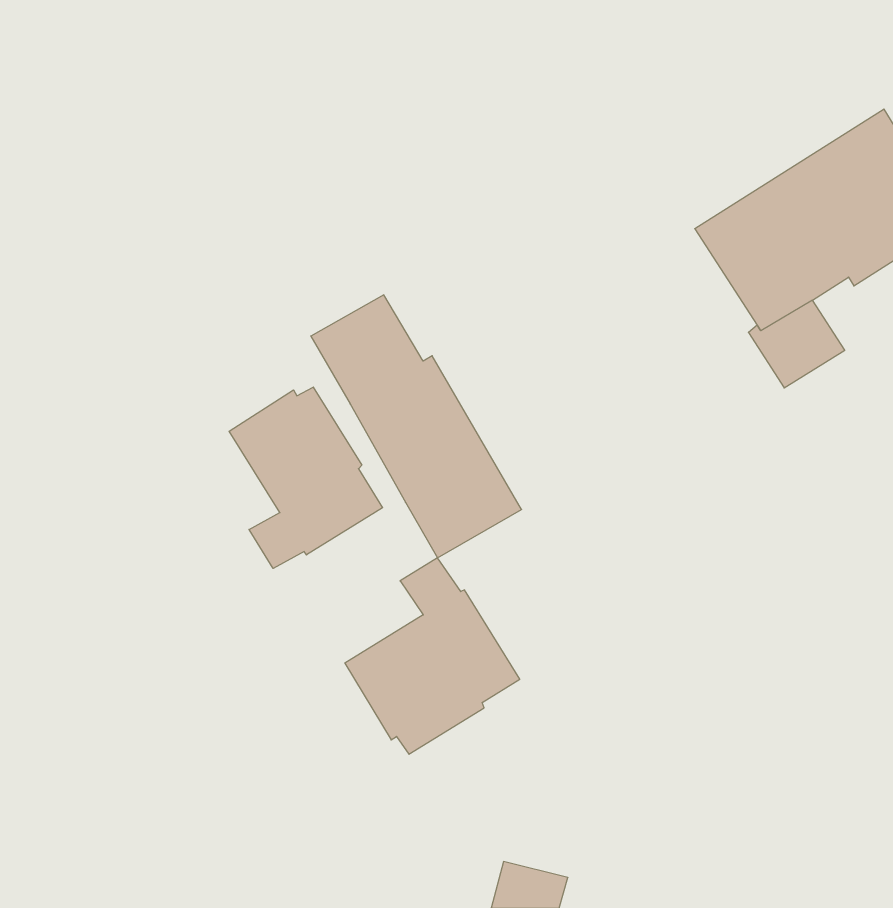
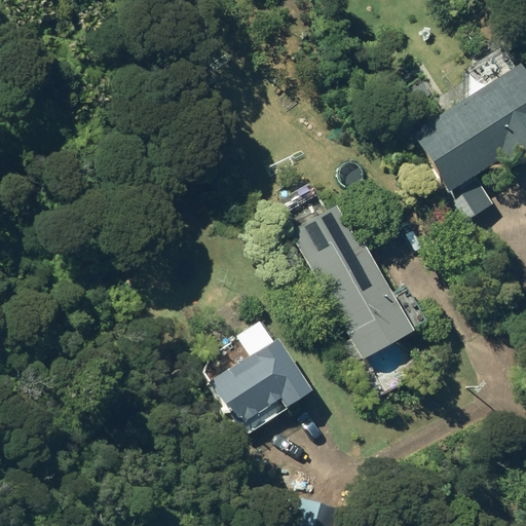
building: [311,295,522,558] -> [294,206,415,358]
building: [229,387,383,568] -> none

